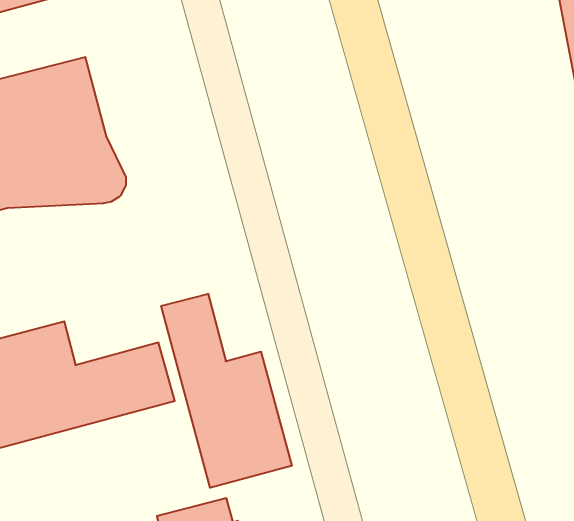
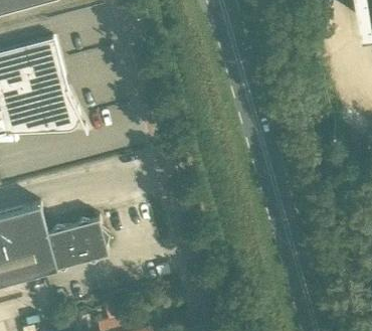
building: [161,294,292,488] -> none

